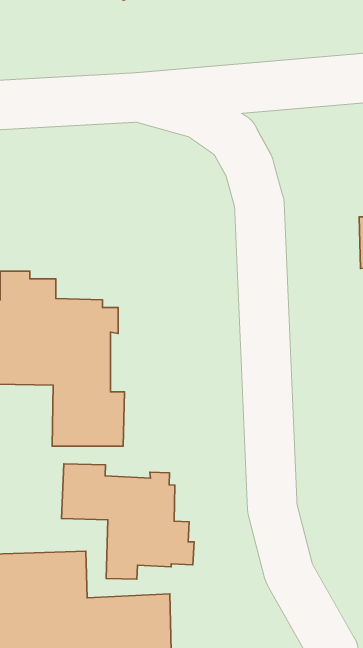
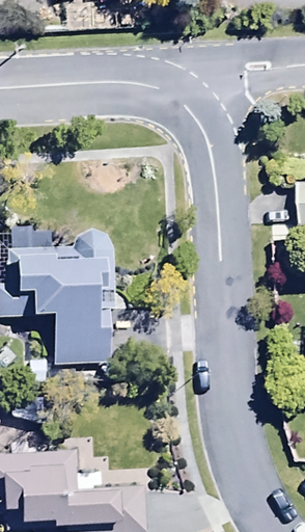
building: [61,464,194,579] -> none

